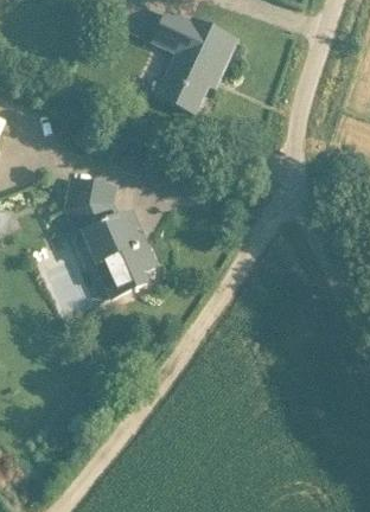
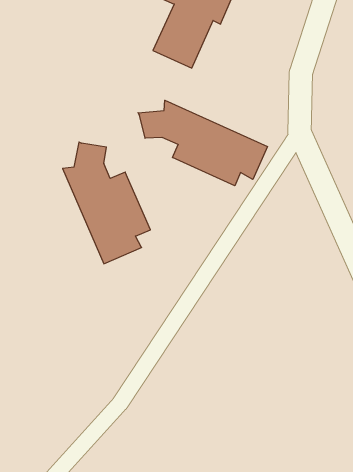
building: none -> [138,100,267,186]

